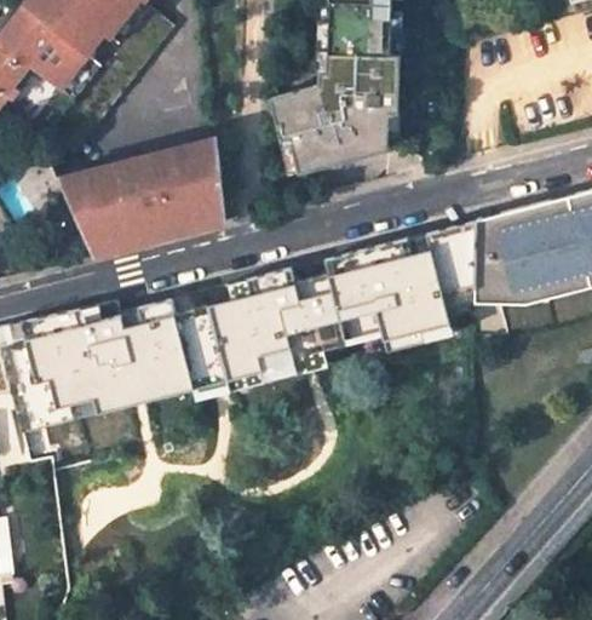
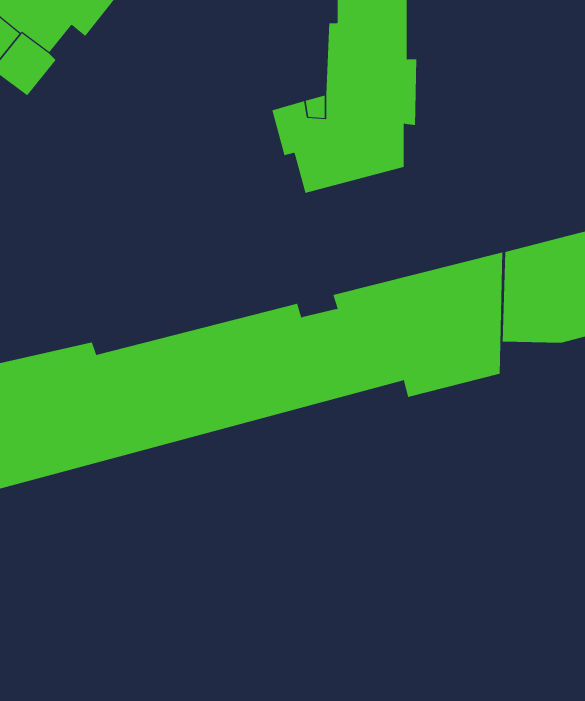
building: [59,137,228,257] -> none

